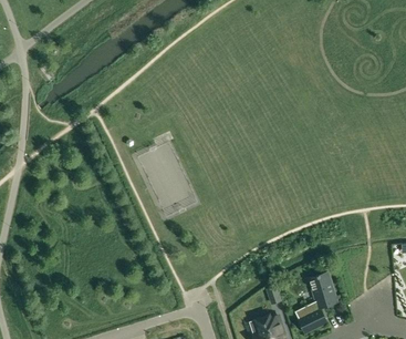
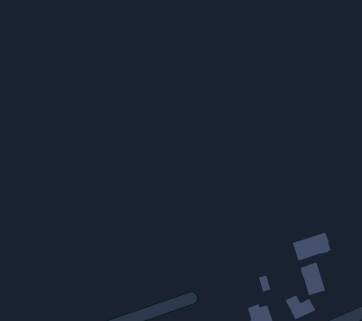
building: none -> [292,232,332,261]

